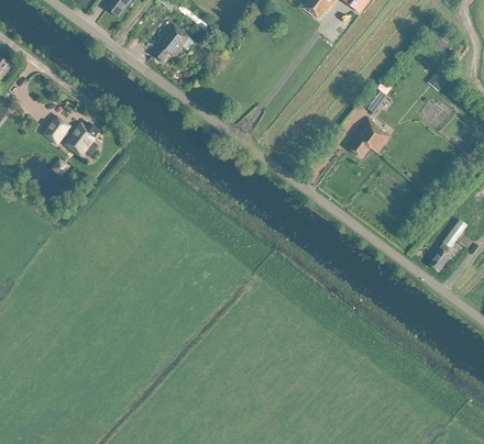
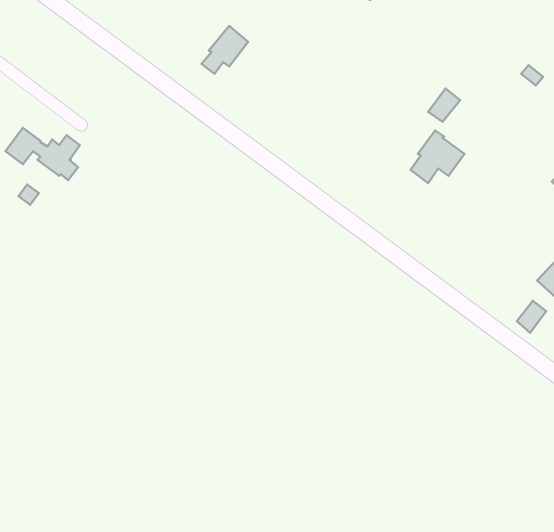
building: [153,25,188,62] -> [201,26,248,74]

